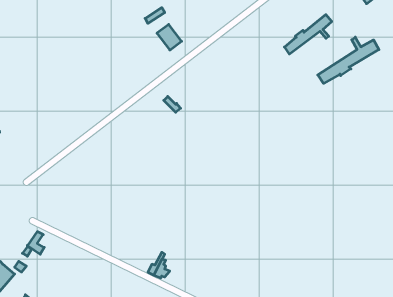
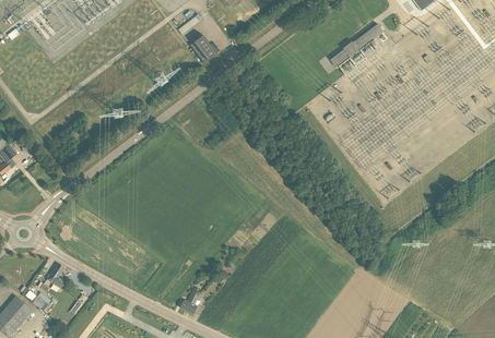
building: [318,37,379,83] -> none

